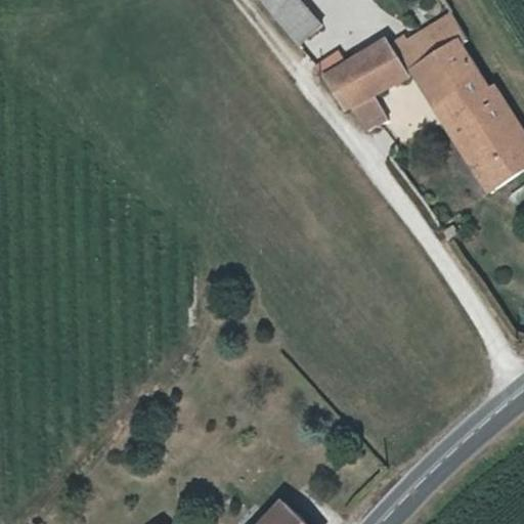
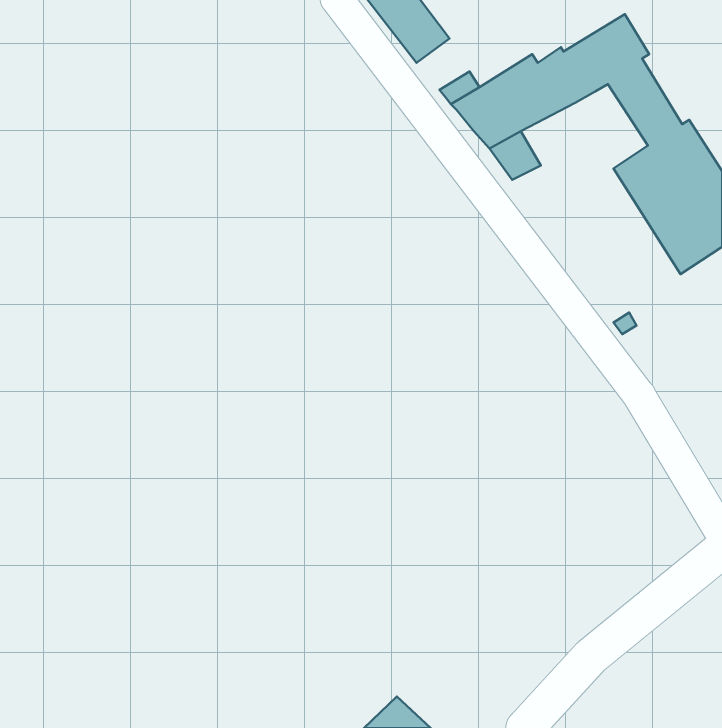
building: [412,60,465,121] -> none

